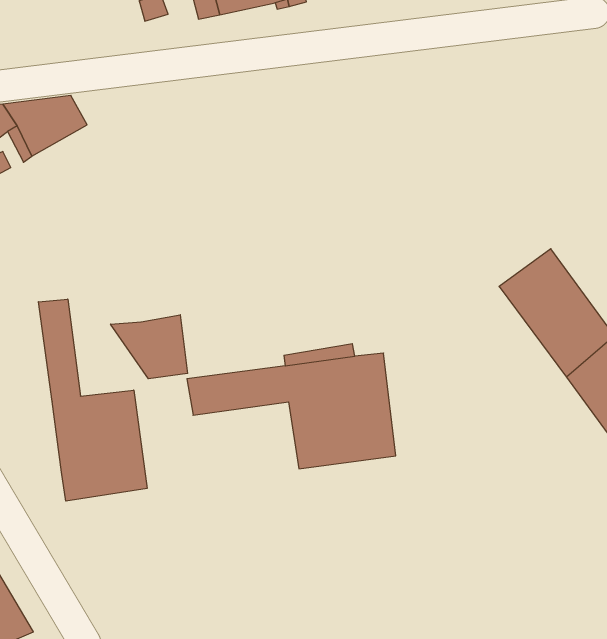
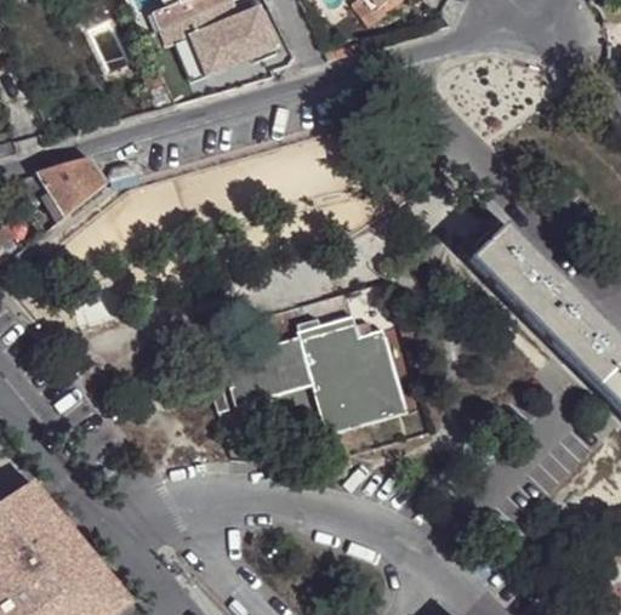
building: [38,299,147,501] -> none
building: [111,315,188,379] -> none

